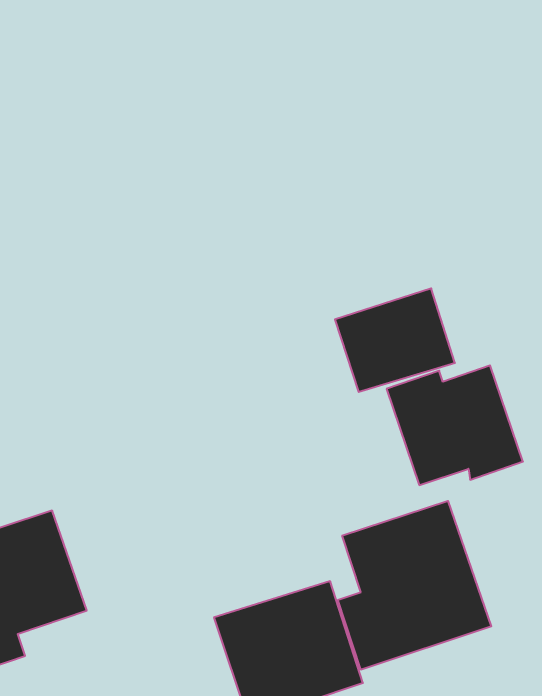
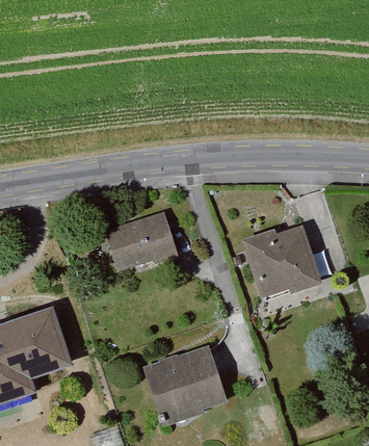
building: [335,288,455,392] -> [106,211,175,270]
building: [338,501,491,670] -> none

